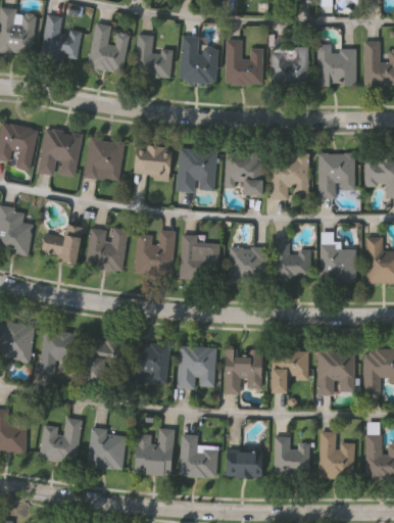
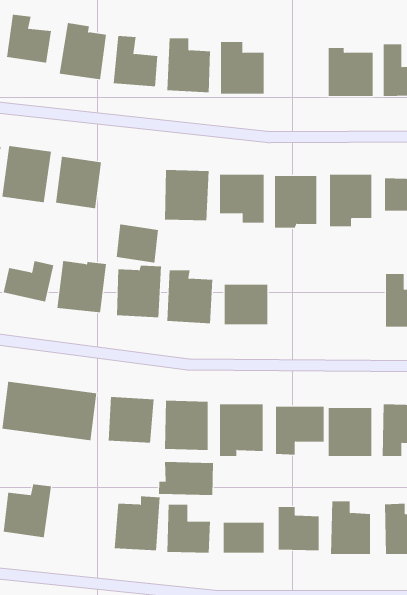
building: [274,47,308,84] -> none
building: [135,145,171,179] -> [116,224,159,263]
building: [270,235,311,278] -> none
building: [321,240,356,282] -> none
building: none -> [159,461,214,496]
building: [87,427,127,469] -> none

